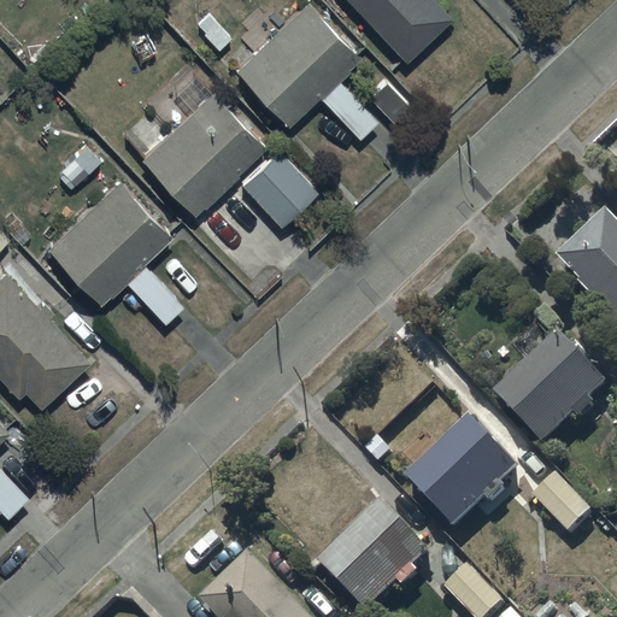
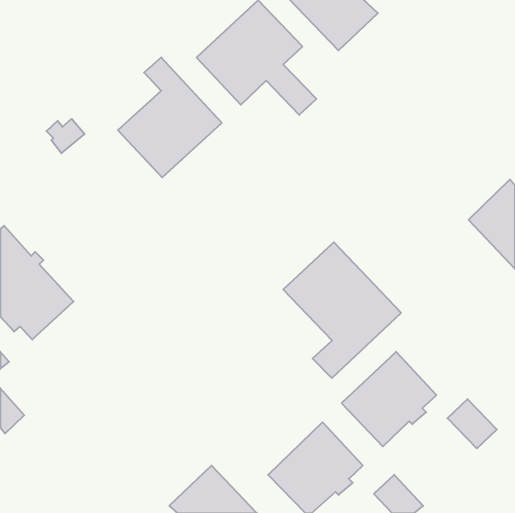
building: [240,147,317,225] -> none
building: [46,178,183,322] -> none
building: none -> [283,242,401,378]
building: [498,337,610,448] -> none

